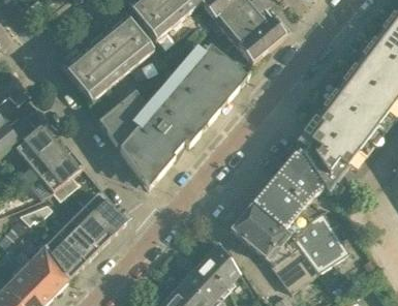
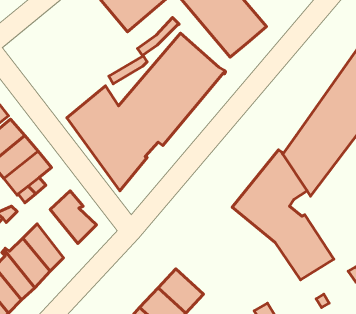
building: [61,14,153,101] -> none
building: [232,204,317,292] -> none
building: [70,206,109,251] -> none
building: [201,242,239,285] -> none

